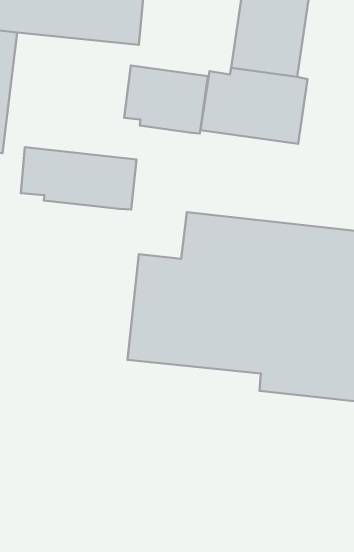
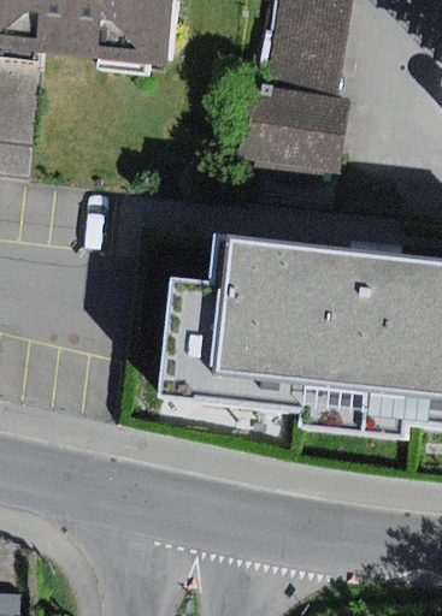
building: [124,66,208,133] -> none
building: [21,147,136,210] -> none

